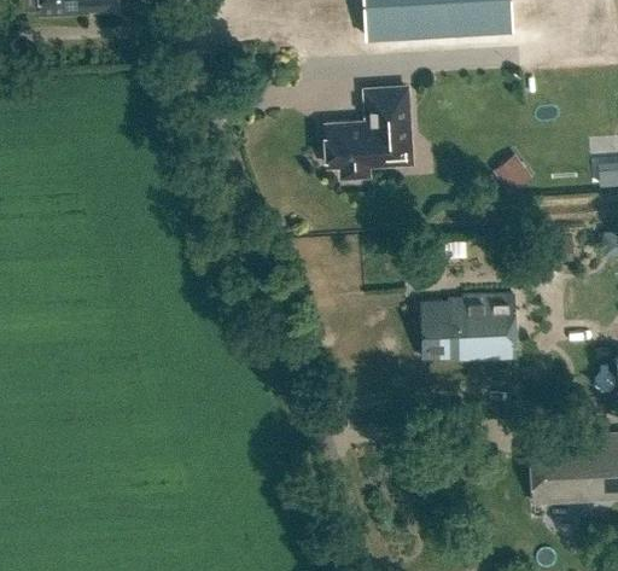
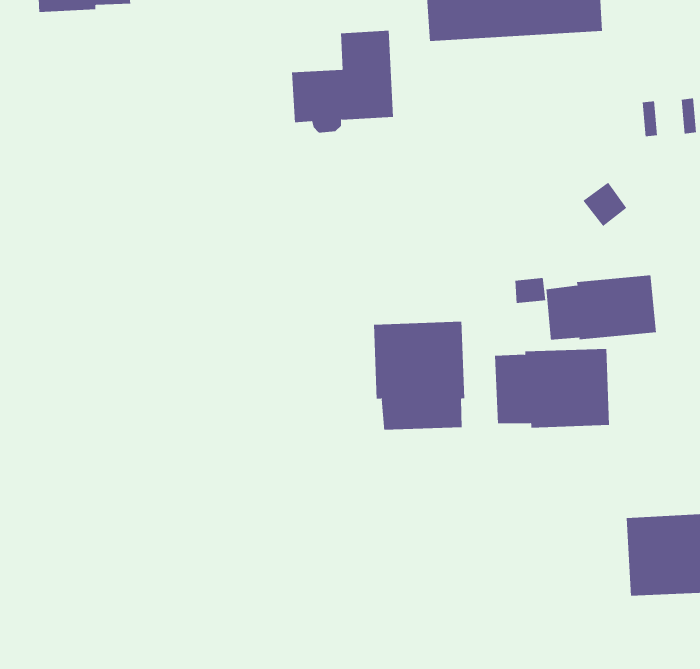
building: [322,87,408,173] -> [291,30,394,133]
building: none -> [546,275,656,341]
building: none -> [374,321,465,430]

